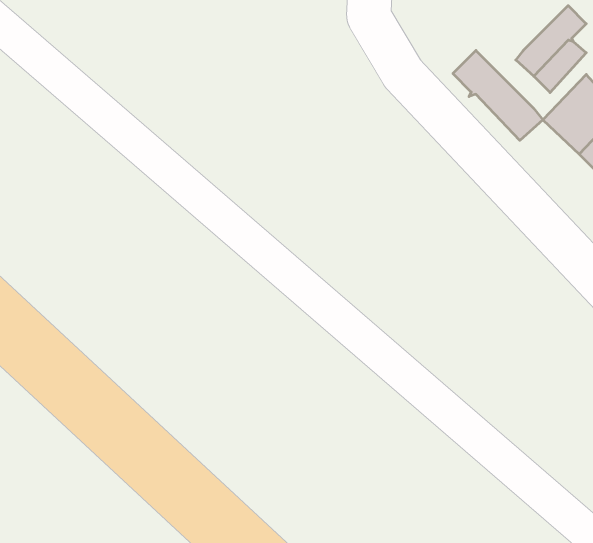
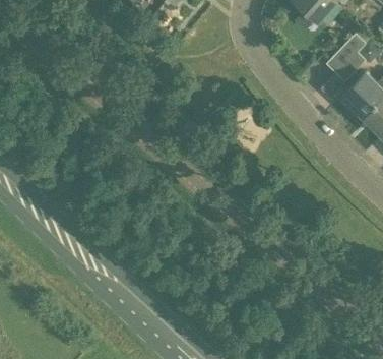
building: [453,50,543,140] -> none

